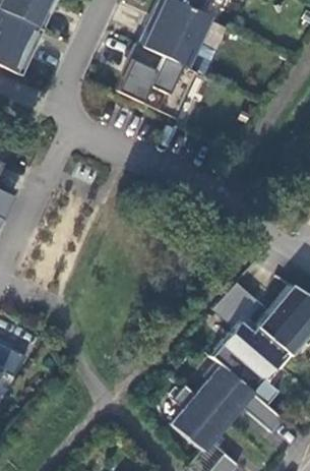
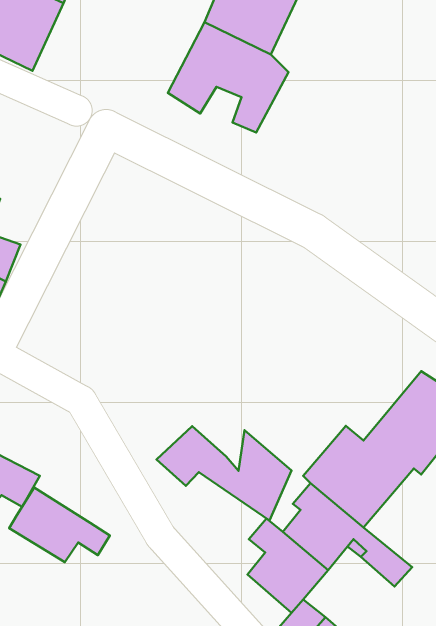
building: [213,283,258,328] -> none
building: none -> [156,426,291,521]
building: none -> [9,487,110,562]

